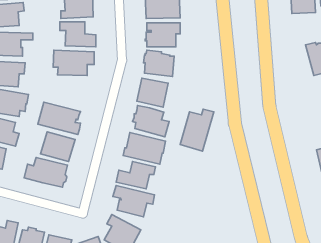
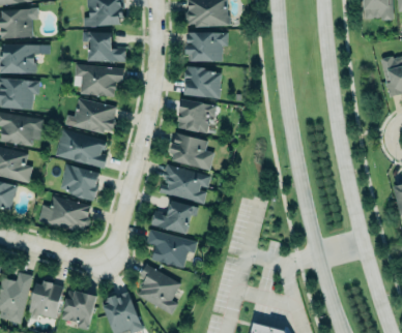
building: none -> [64,98,117,134]
building: [180,109,214,151] -> none

